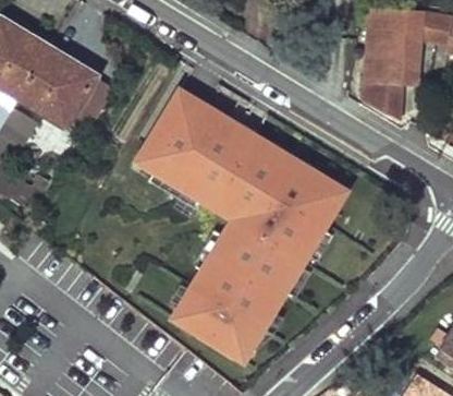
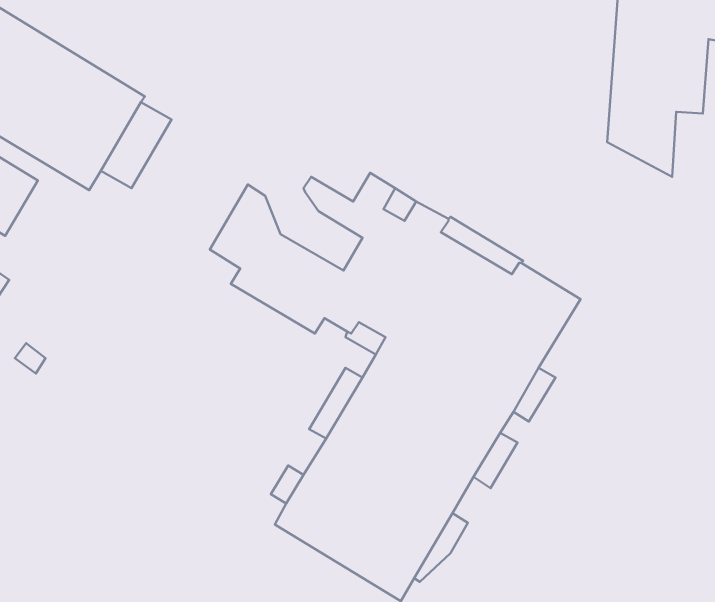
building: [158,89,228,173] -> none

